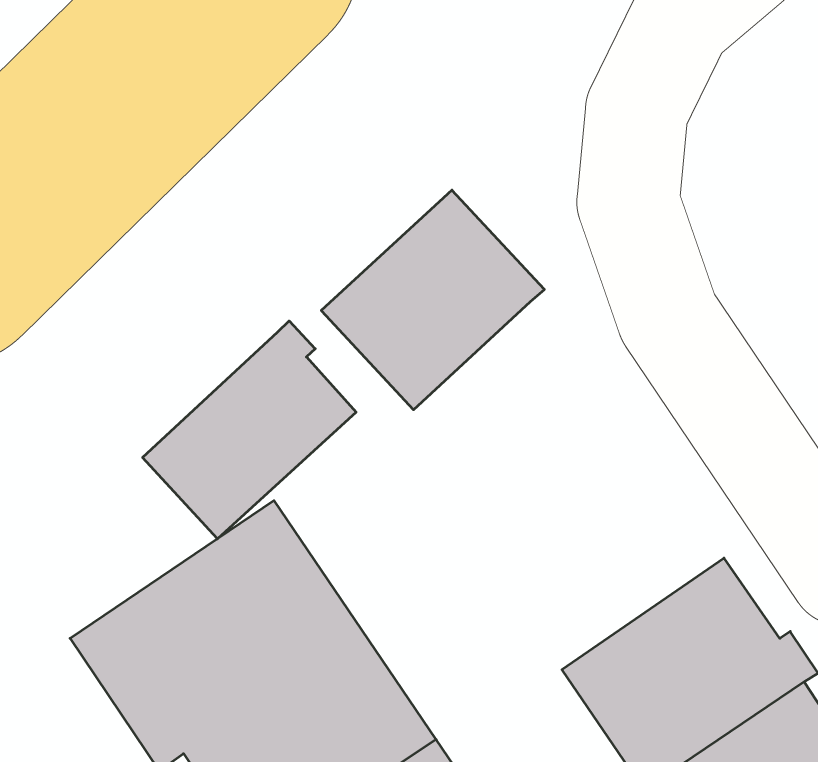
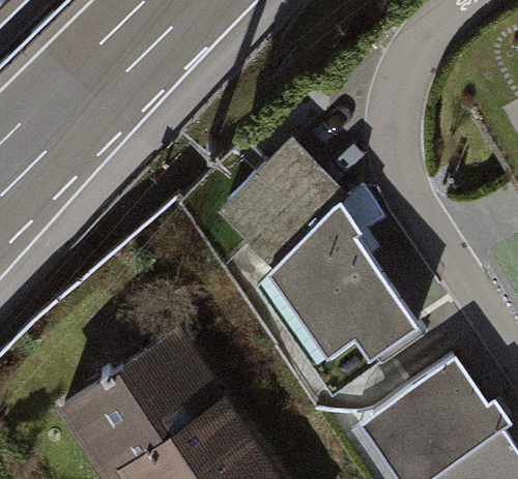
building: none -> [256,205,415,396]
building: [143,321,356,539] -> none

